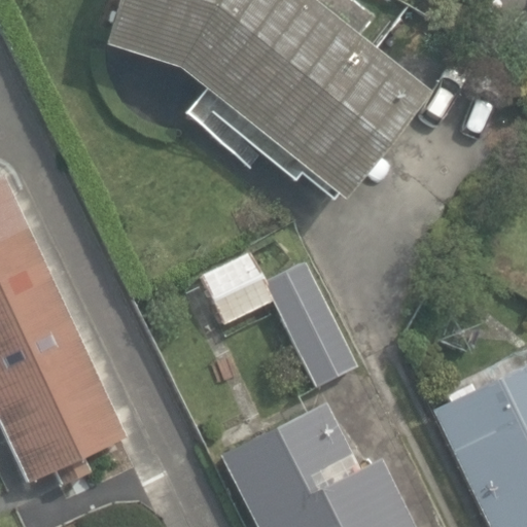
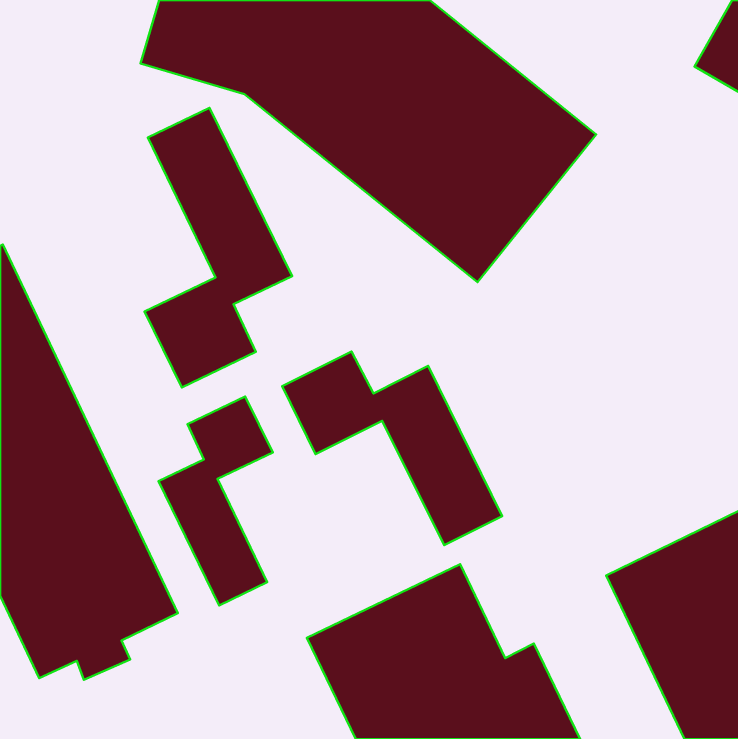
building: none -> [145,108,292,387]
building: none -> [158,396,273,605]

